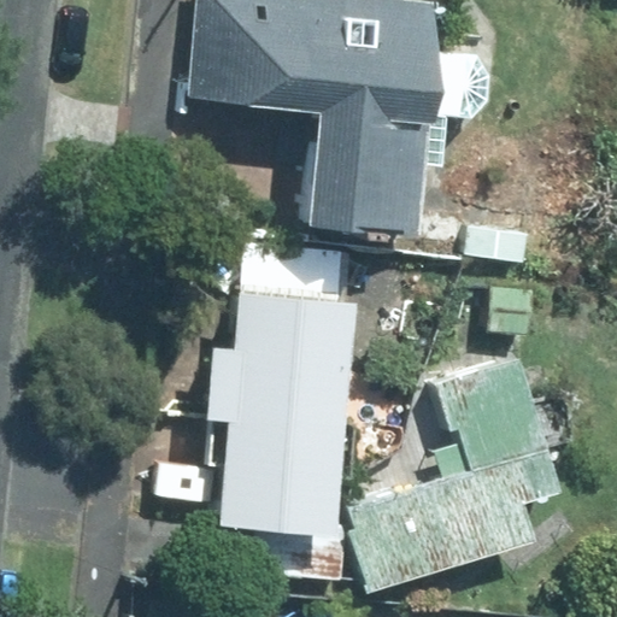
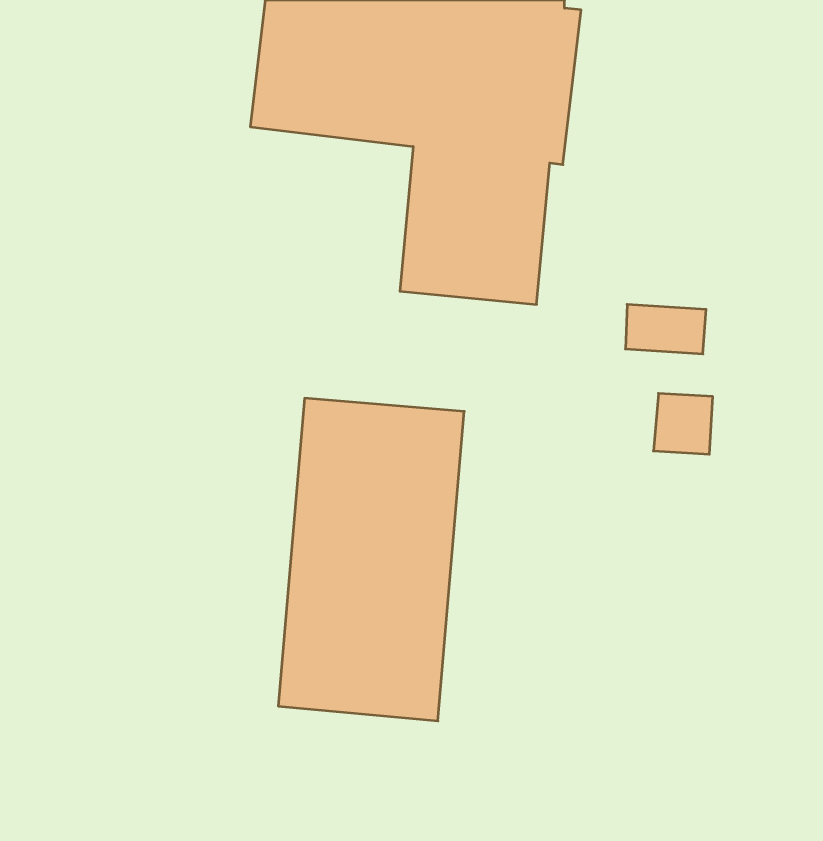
building: [349,360,557,588] -> none

